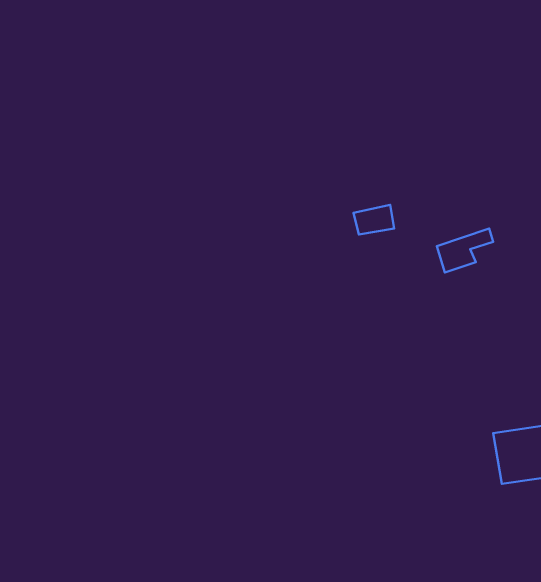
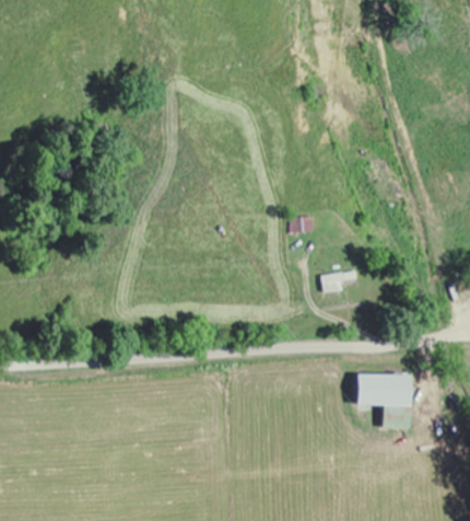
building: [437,229,493,273] -> [321,270,357,293]

